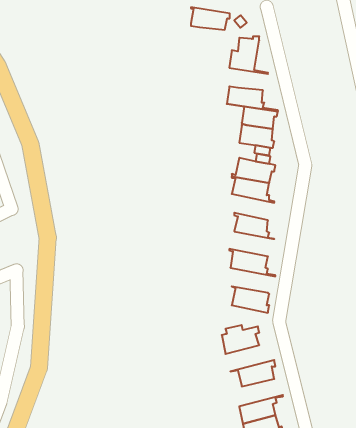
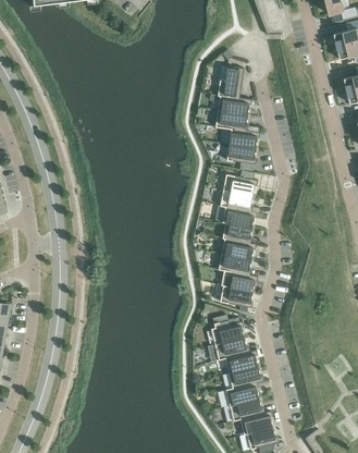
building: [191,7,230,30] -> [217,96,250,115]
building: none -> [219,206,256,229]
building: none -> [217,238,255,260]
building: none -> [218,270,257,293]
building: none -> [213,338,256,360]
building: none -> [224,367,263,391]

